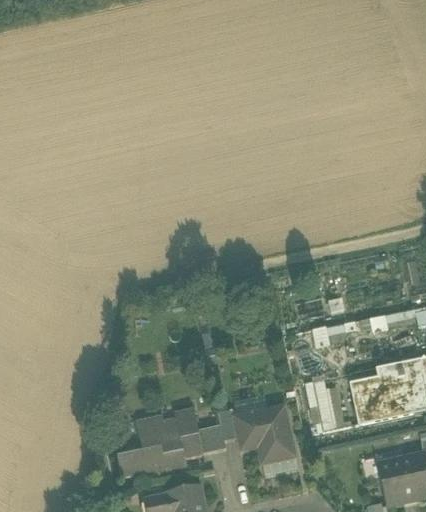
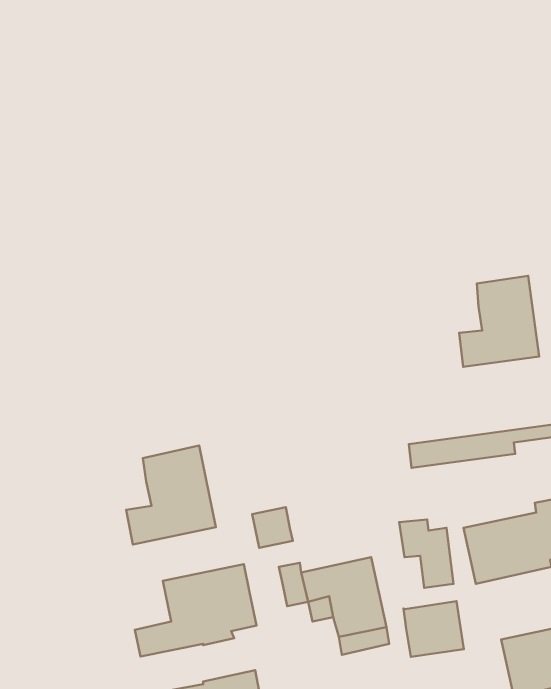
building: none -> [459,276,539,367]
building: none -> [126,446,216,544]
building: [197,424,226,453] -> [252,507,293,548]
building: none -> [403,601,464,657]

